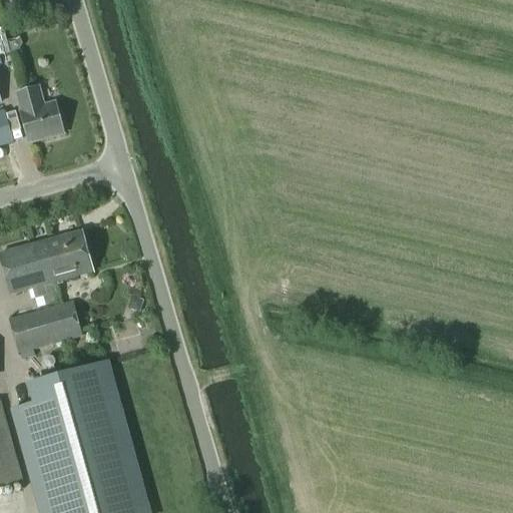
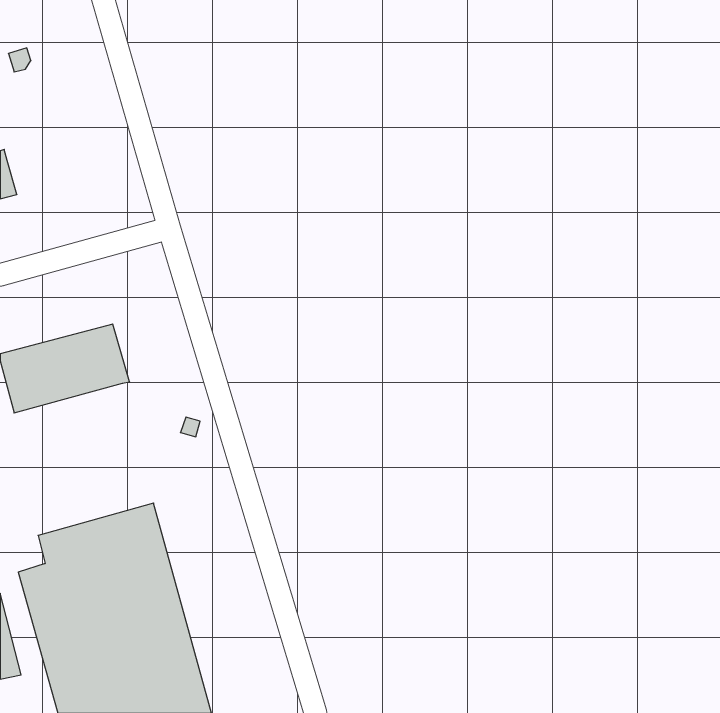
building: [16,84,62,139] -> none
building: [4,303,77,353] -> none

